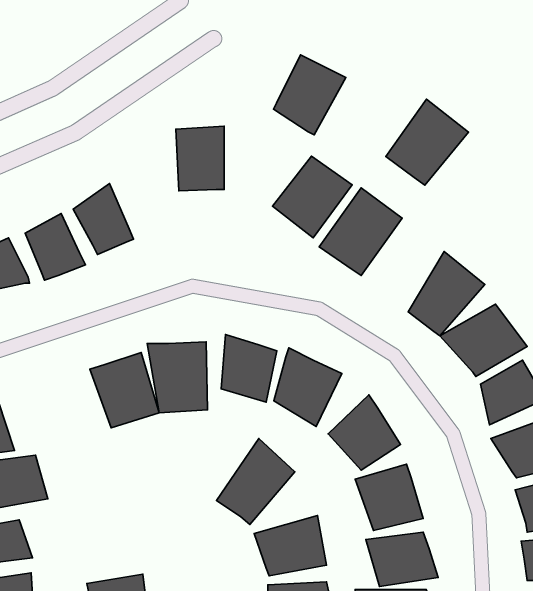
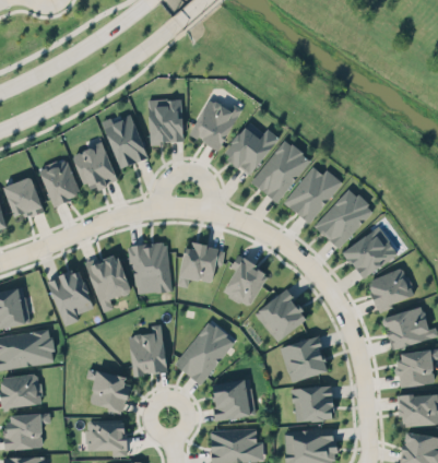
building: [273,55,346,135] -> [188,94,240,152]
building: [386,99,469,185] -> [282,161,342,223]
building: none -> [100,109,150,171]
building: none -> [44,270,94,329]
building: none -> [129,316,166,371]
building: none -> [92,359,133,406]

